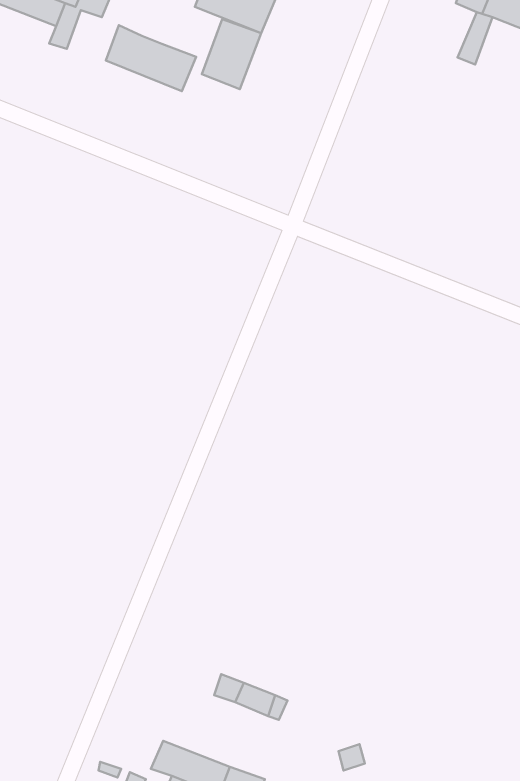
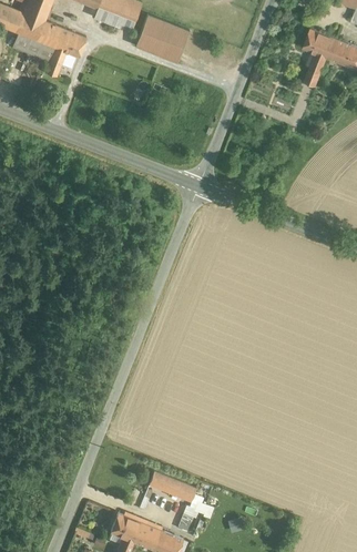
building: [202,19,261,89] -> none
building: [106,25,196,91] -> none

